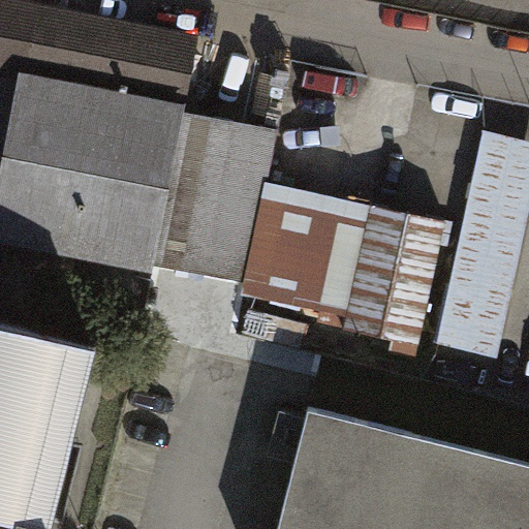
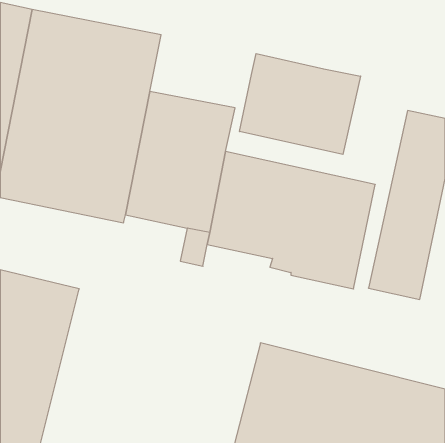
building: none -> [240,54,361,154]

